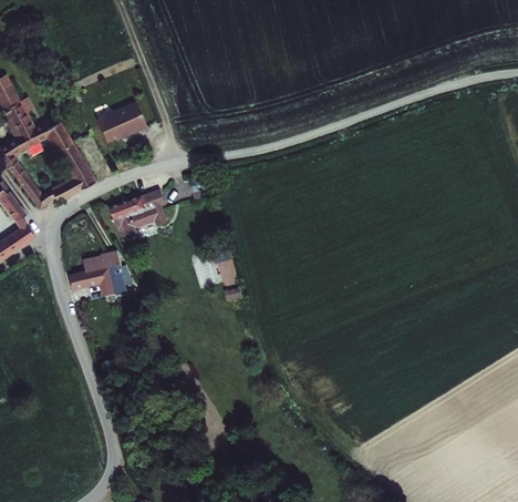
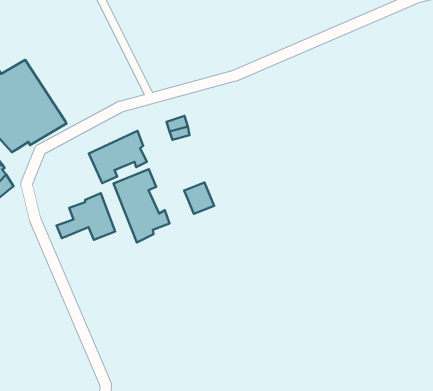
building: [102,104,153,145] -> none
building: none -> [114,169,170,242]

